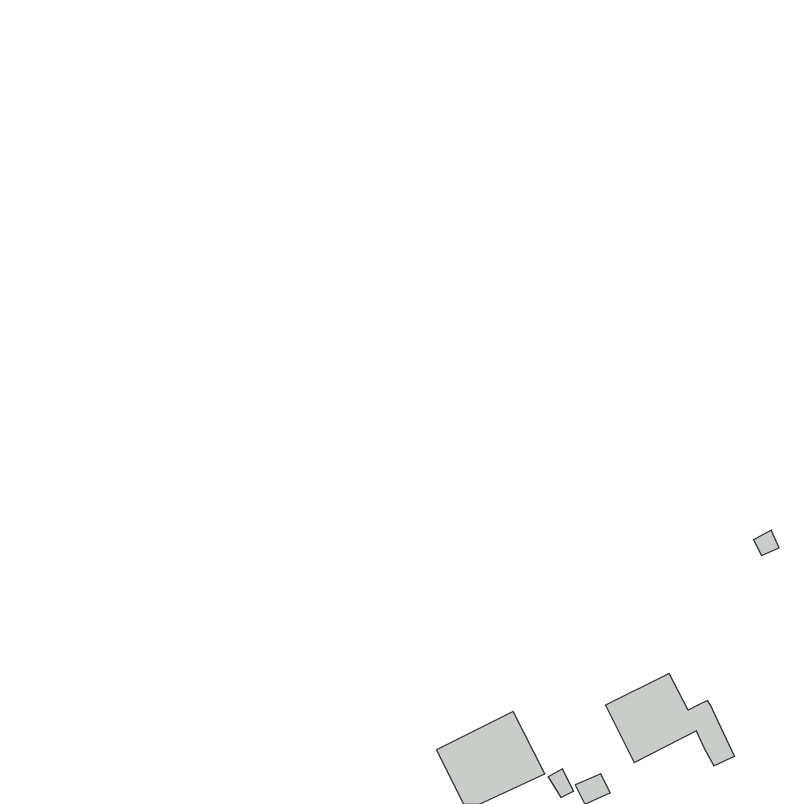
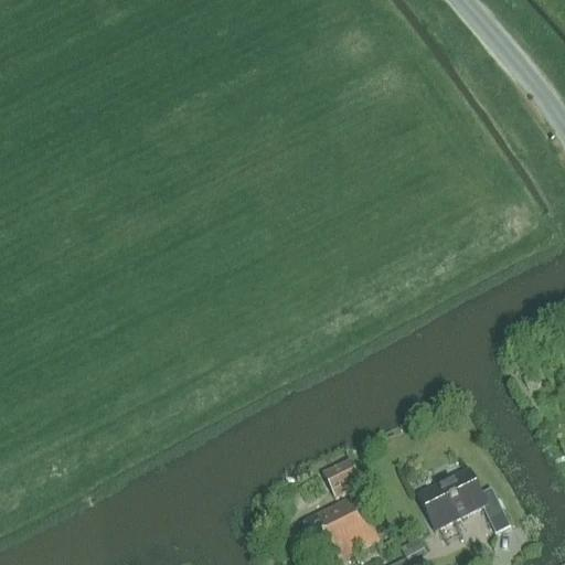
building: none -> [322,458,360,495]

